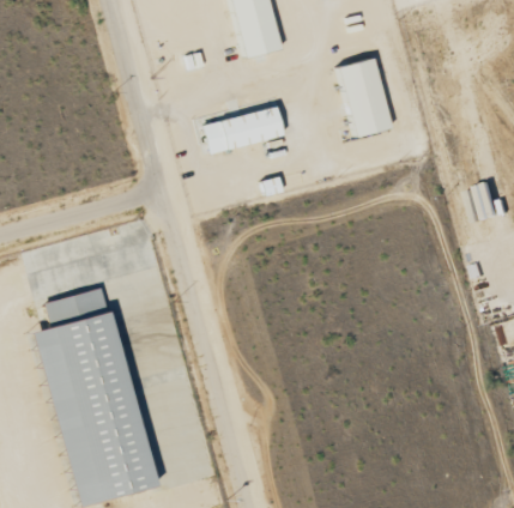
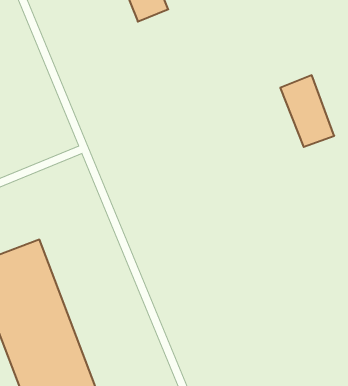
building: [339,56,393,135] -> [280,75,334,147]
building: [205,105,285,152] -> none

